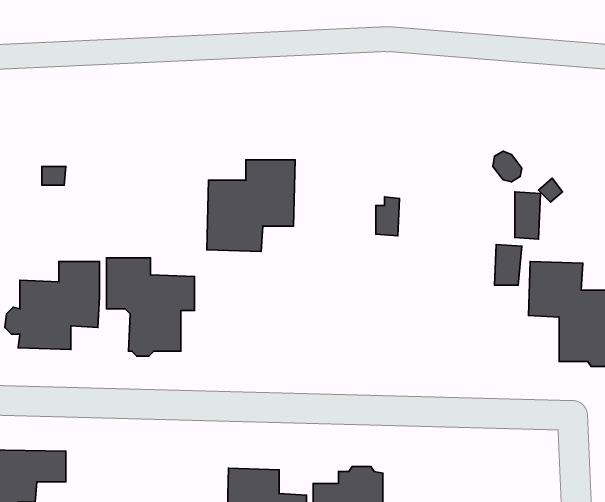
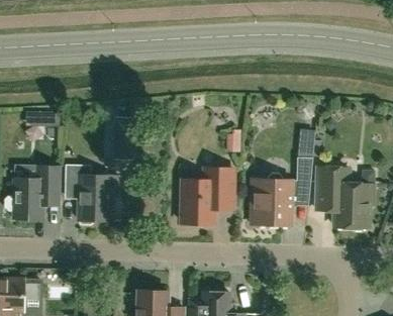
building: [207,160,295,251] -> [181,170,233,224]
building: none -> [251,173,292,225]

